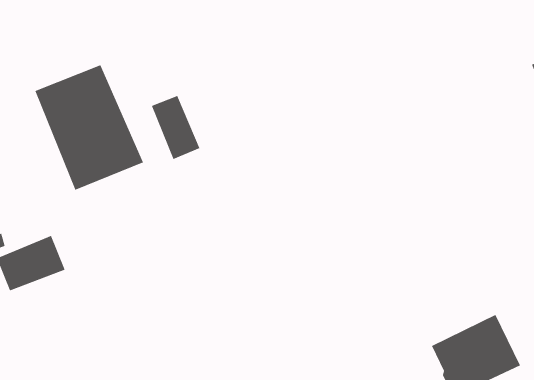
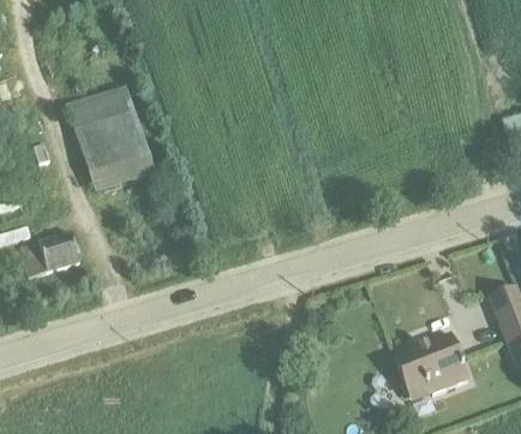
building: [151,95,200,160] -> none

